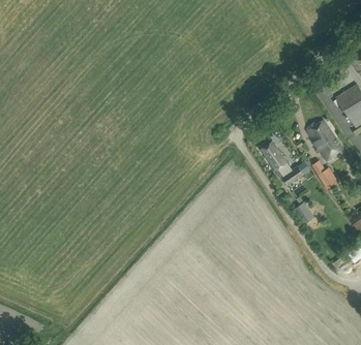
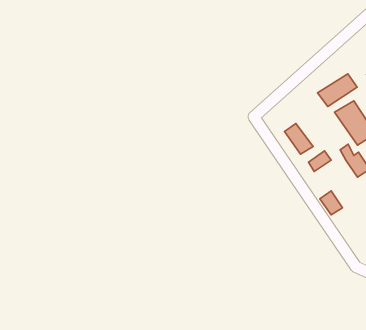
building: none -> [318,74,357,107]

